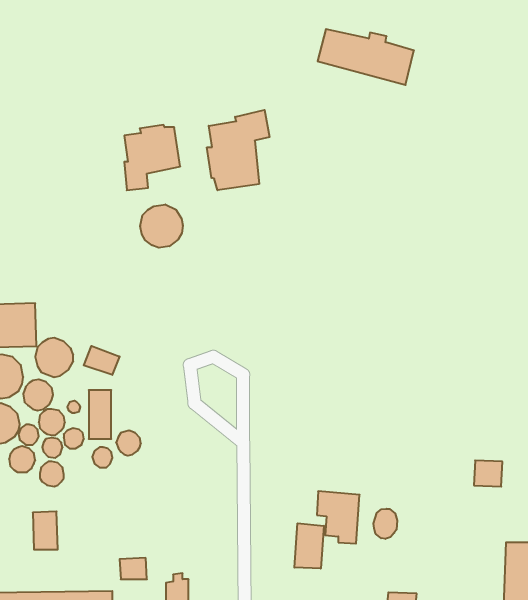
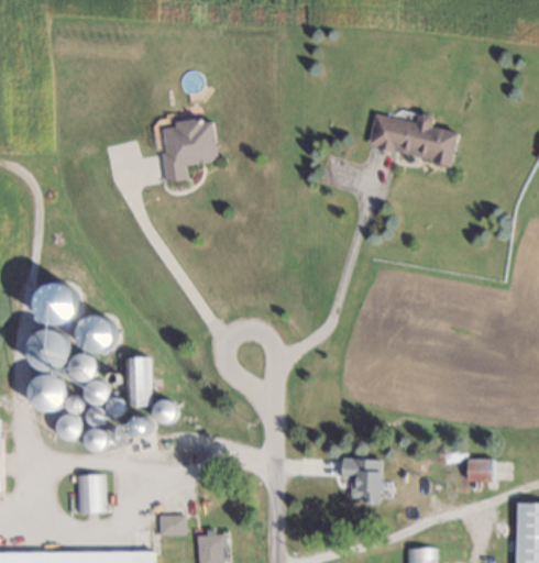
building: [318,29,414,85] -> [365,103,454,155]
building: [207,110,270,190] -> none
building: [140,204,183,248] -> none
building: [84,346,120,375] -> none
building: [474,460,502,487] -> [465,460,492,484]
building: [373,509,397,539] -> none
building: [294,523,324,569] -> none

